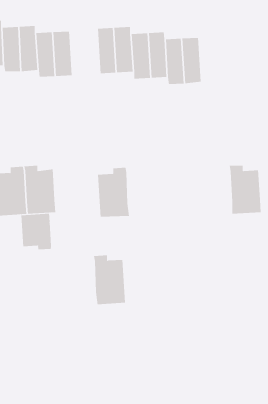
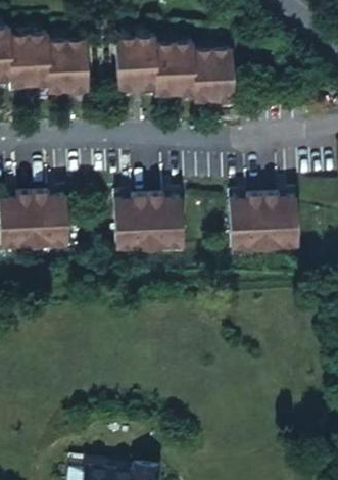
building: none -> [232,192,268,249]
building: [21,213,52,250] -> none
building: [93,255,126,305] -> [149,193,186,249]

